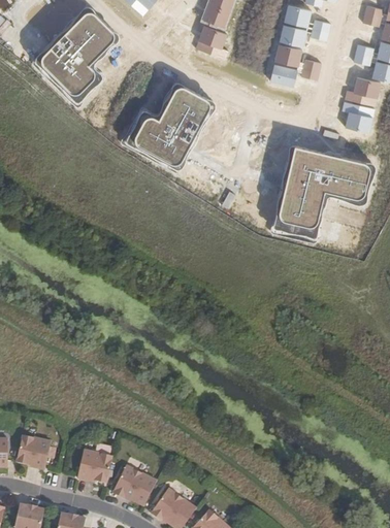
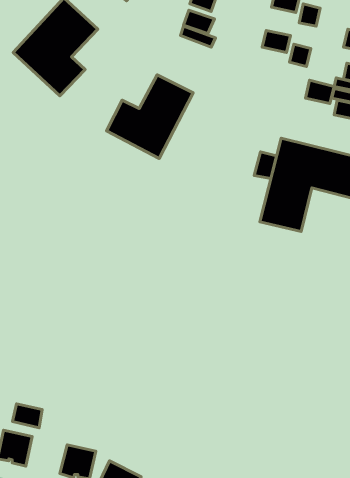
building: [280,23,307,45] -> none
building: [270,62,298,85] -> [305,80,334,103]
building: none -> [254,152,277,179]
building: none -> [13,404,42,428]

